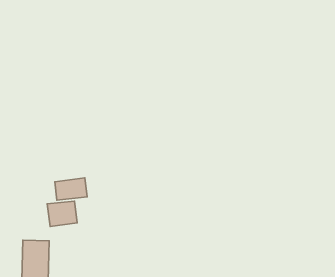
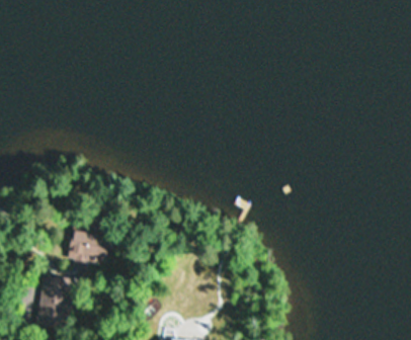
building: [55,178,87,200] -> none

